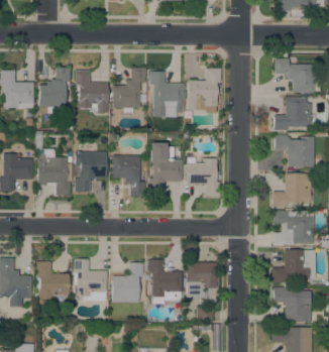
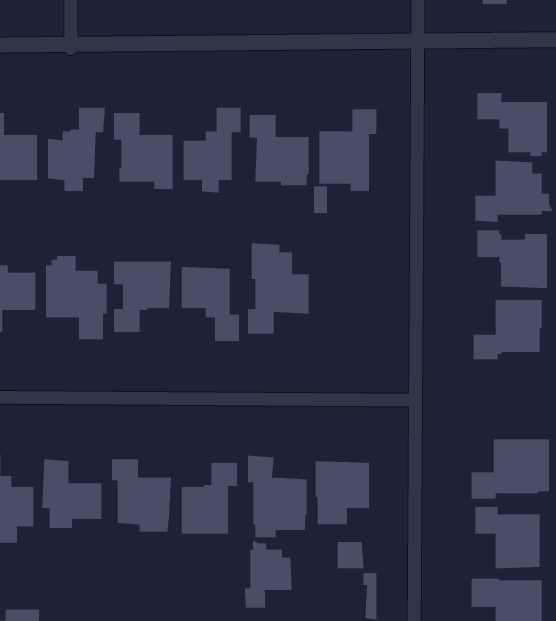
building: [187,157,220,196] -> none
building: [272,210,314,244] -> none
building: none -> [244,539,292,608]

